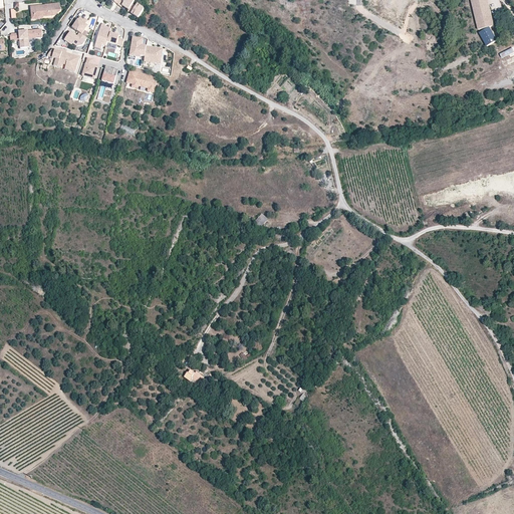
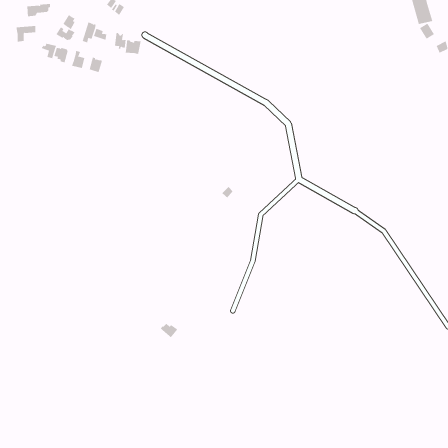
building: [126,69,158,91] -> none

